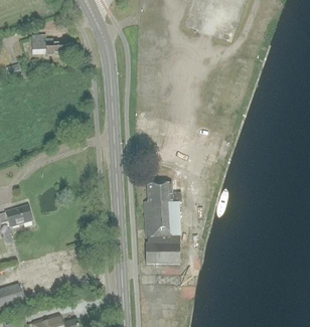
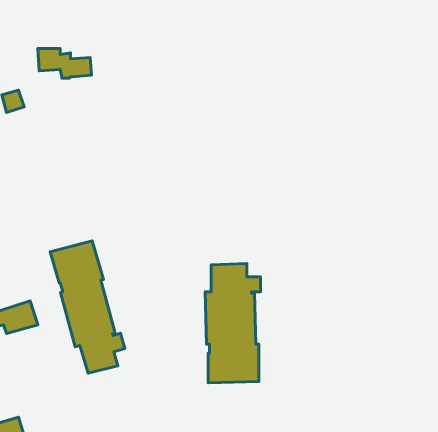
building: none -> [50,241,125,373]

